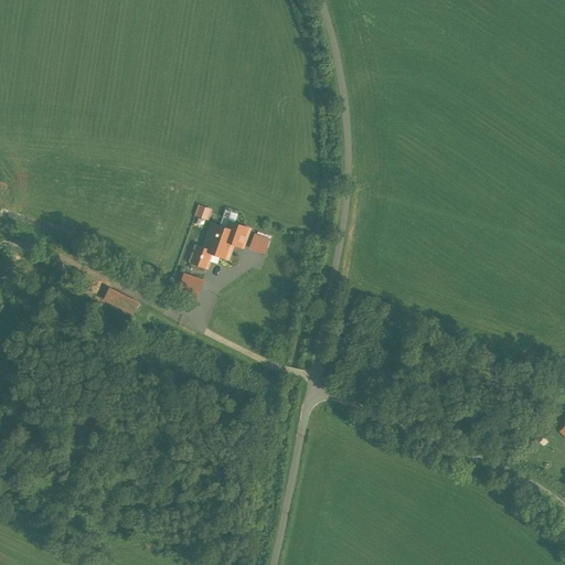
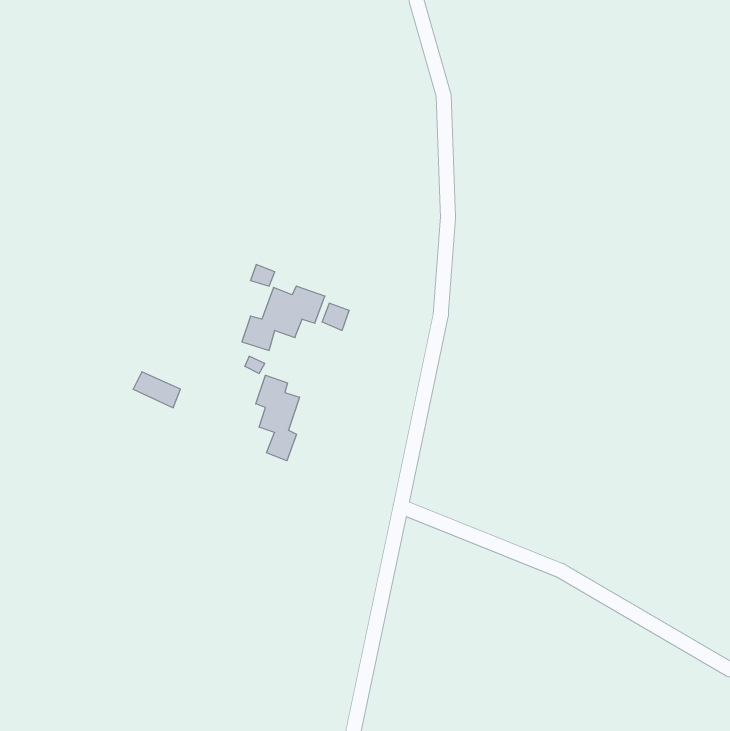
building: none -> [256,375,300,461]

